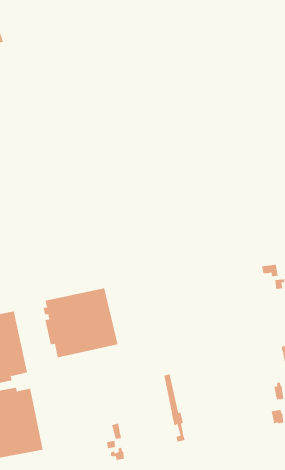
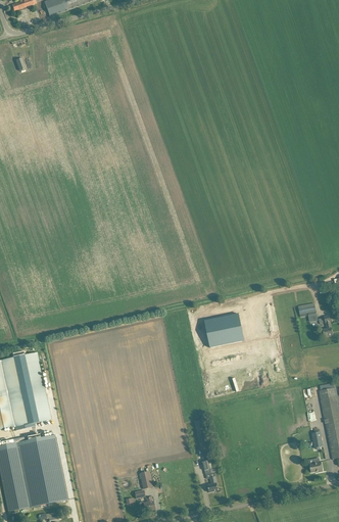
building: none -> [203,313,243,347]
building: [43,287,118,358] -> none

